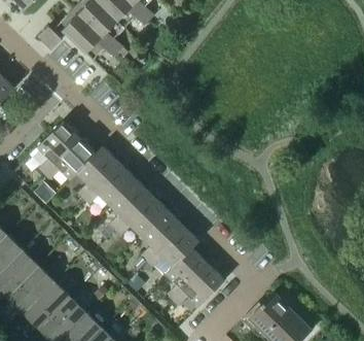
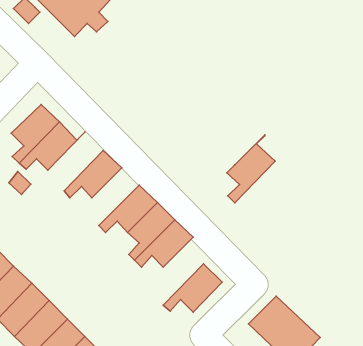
building: [69,146,118,199] -> none
building: [108,178,150,230] -> none
building: [165,240,208,301] -> [227,135,275,203]

